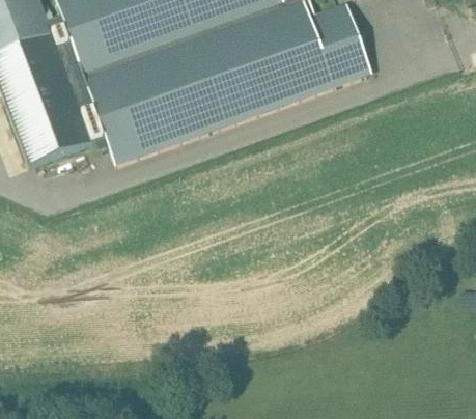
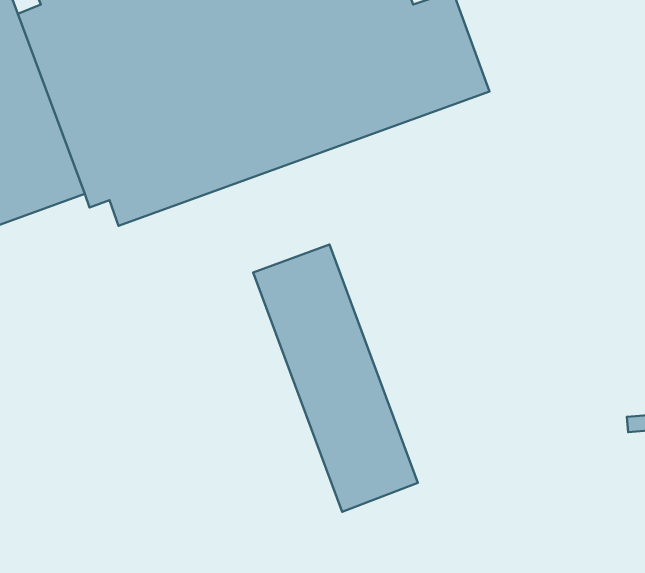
building: none -> [253,245,418,512]

